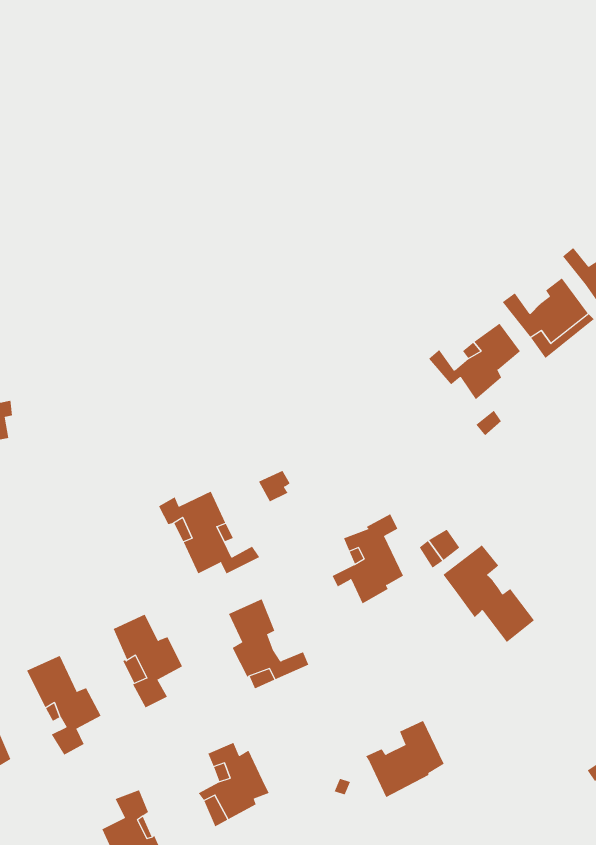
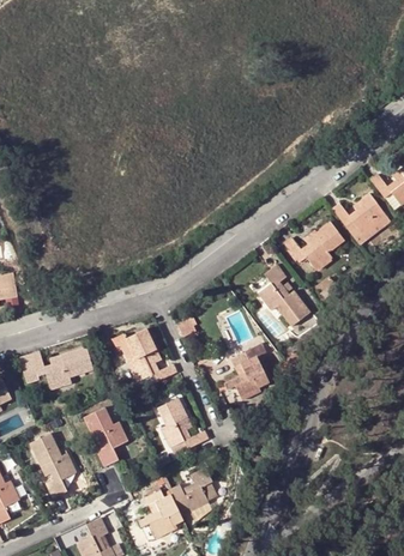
building: none -> [19,346,92,389]
building: [442,545,535,643] -> [251,264,309,326]
building: [365,720,444,798] -> [168,466,218,515]

